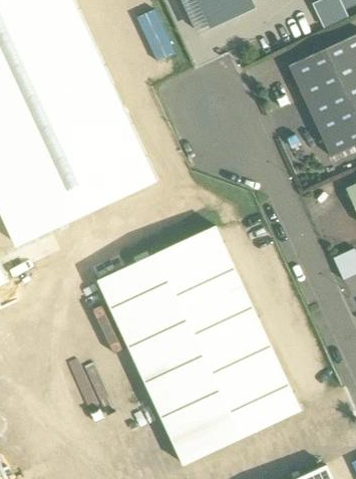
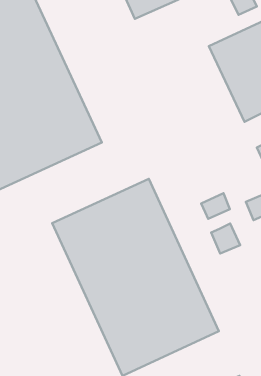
building: none -> [201,193,230,219]
building: none -> [211,224,240,253]

